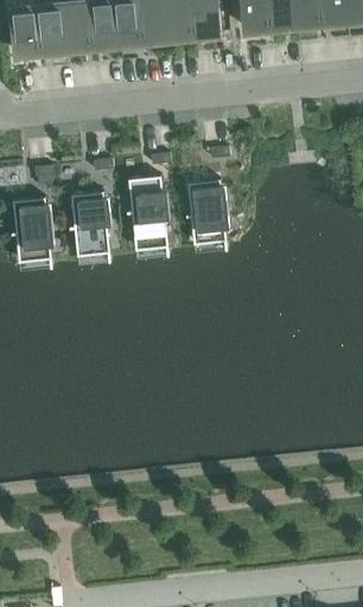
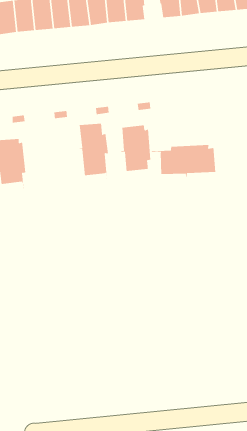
building: [69,191,112,261] -> none
building: none -> [151,144,216,178]

